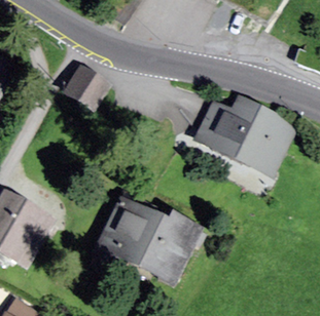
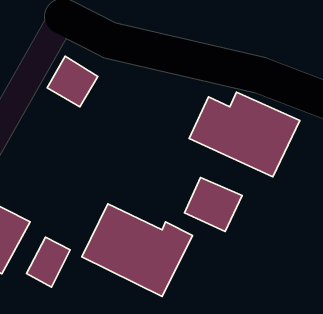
building: none -> [185,177,242,231]
building: none -> [27,237,70,287]

